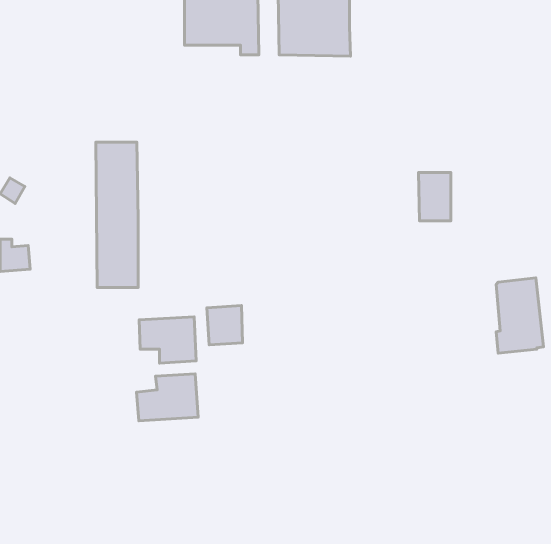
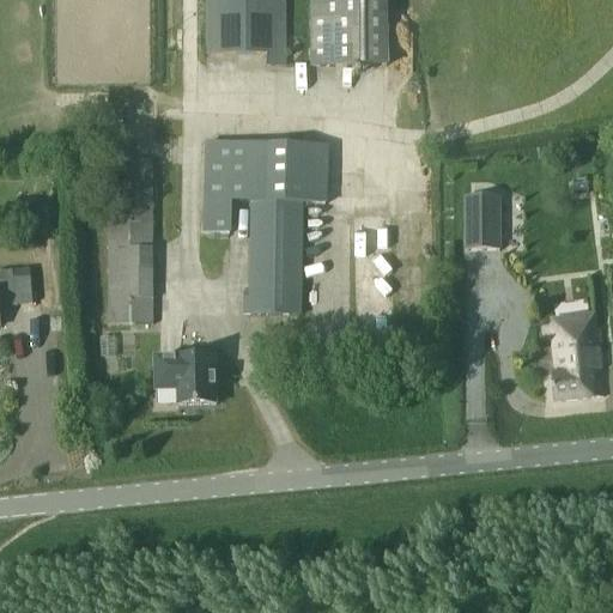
building: none -> [204,138,329,310]
building: [207,306,242,345] -> none
building: [136,374,198,421] -> none

